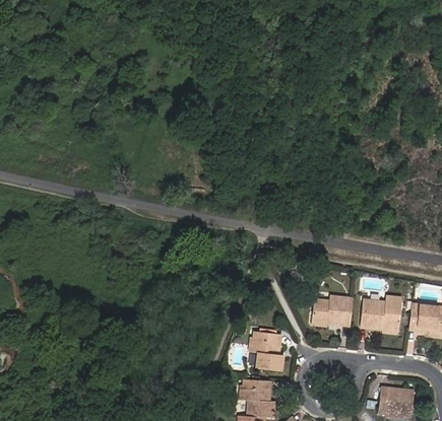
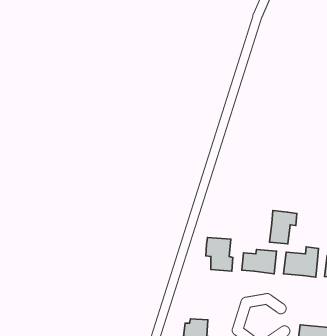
building: none -> [269,210,297,244]
building: [251,331,282,370] -> [206,237,233,271]

